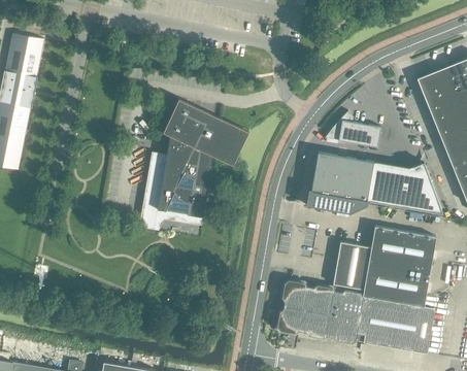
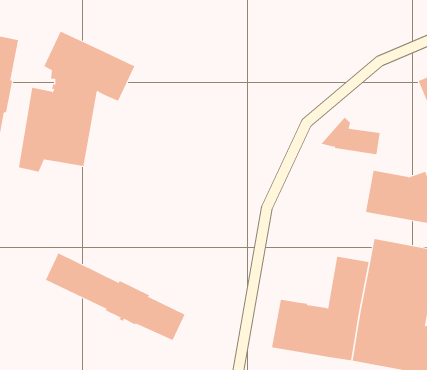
building: [139,99,248,231] -> [18,31,135,172]
building: [305,153,374,213] -> none
building: none -> [45,253,186,341]

